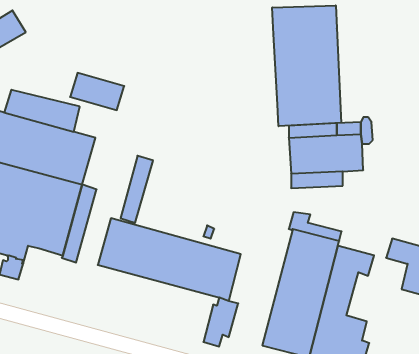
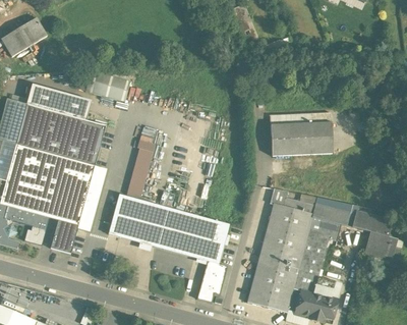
building: [272,5,341,126] -> none
building: none -> [311,202,350,225]
building: none -> [50,218,78,252]

